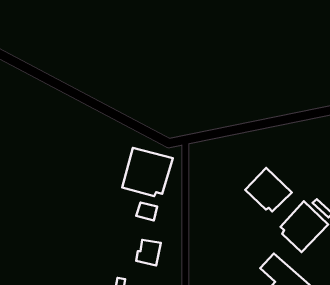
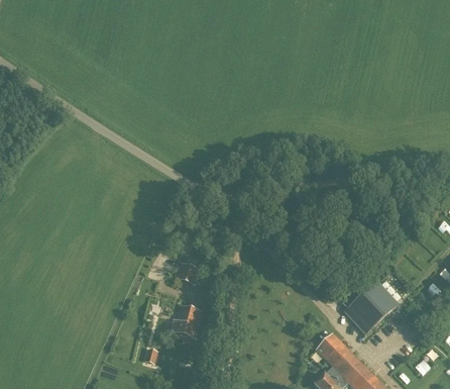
building: [122,148,173,196] -> none
building: [245,168,292,211] -> none

